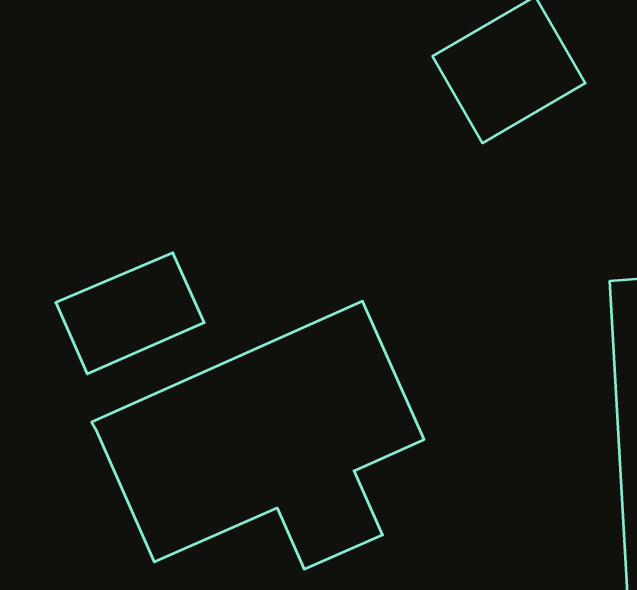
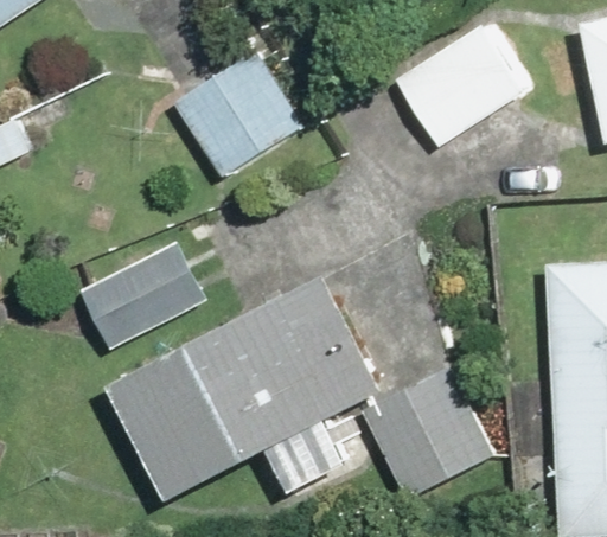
building: none -> [175,51,299,171]
building: none -> [365,375,488,494]

